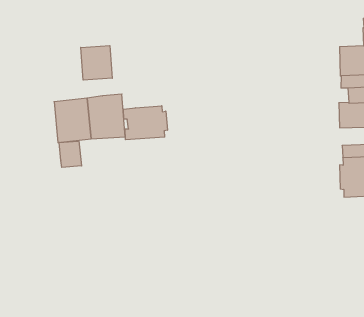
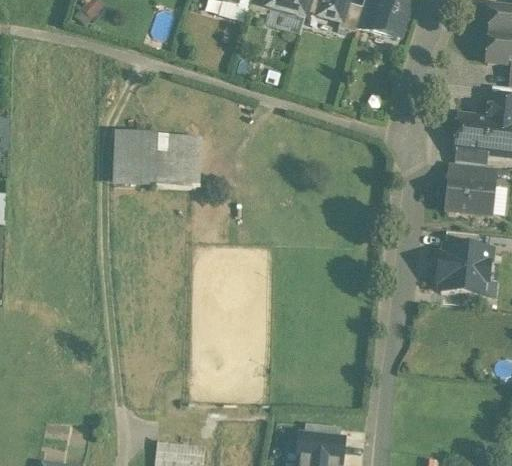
building: [81,46,112,80] -> none
building: [123,106,167,140] -> none
building: [59,141,82,167] -> none

